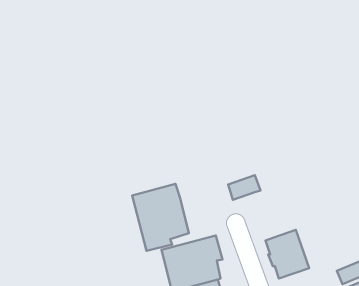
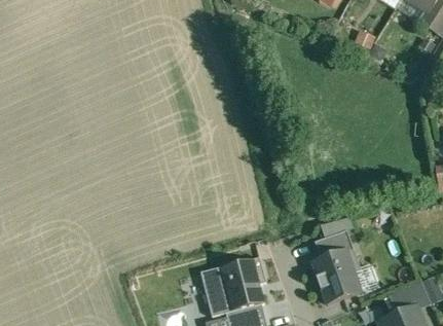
building: [228,175,261,200] -> [317,232,352,259]
building: [132,184,189,251] -> none

